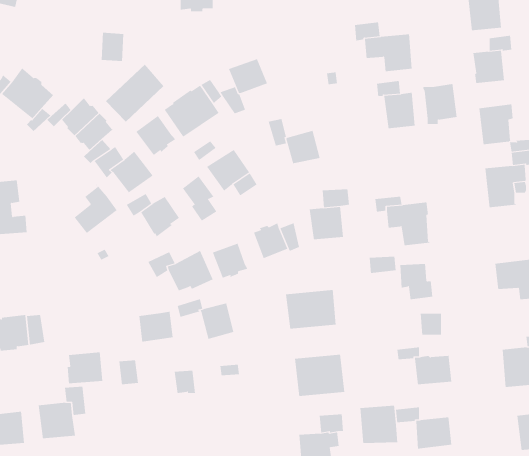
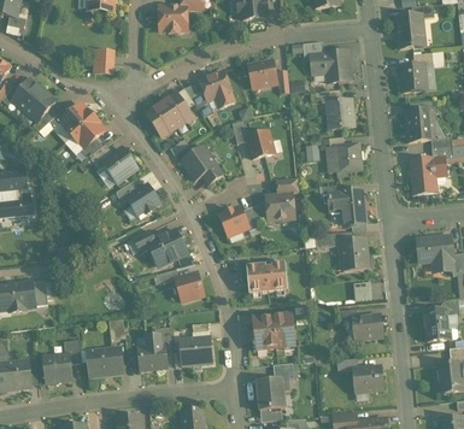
building: none -> [248,60,277,88]
building: [105,64,164,122] -> none
building: [422,84,457,124] -> [334,142,363,176]
building: [135,115,176,156] -> none
building: [182,176,217,221] -> none
building: [74,184,118,234] -> none
building: [212,243,248,279] -> none
building: [138,311,174,342] -> [139,346,168,371]
building: [67,352,103,384] -> [90,349,121,376]
building: none -> [180,337,213,366]
building: [360,405,398,444] -> none

